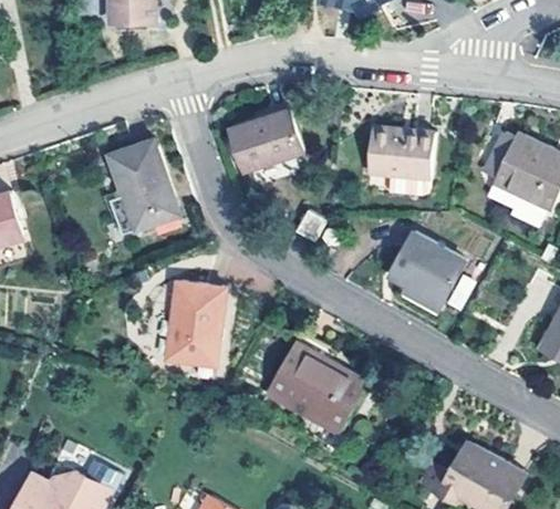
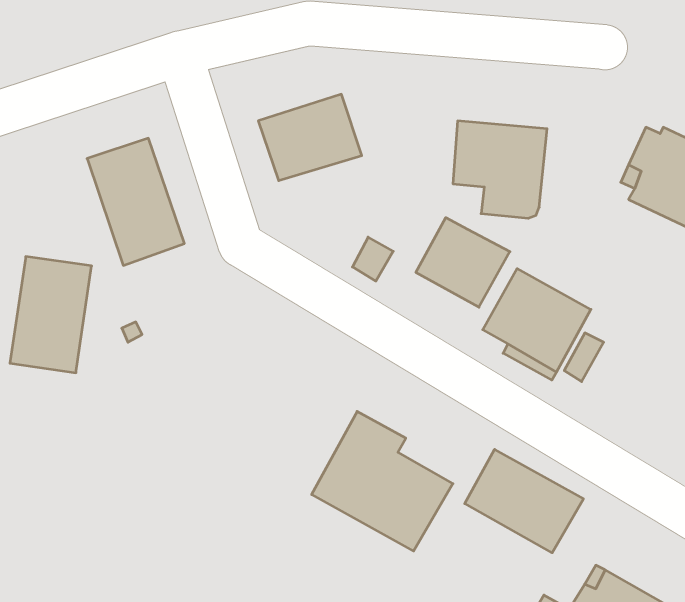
building: none -> [416,218,510,307]
building: [167,282,225,364] -> [10,257,92,373]
building: none -> [465,449,583,553]

